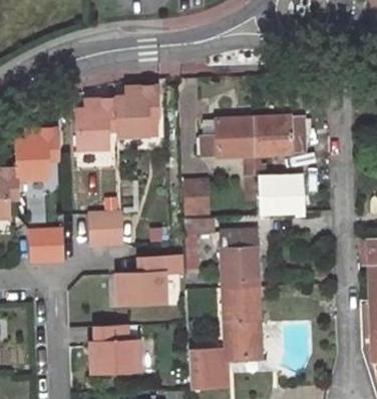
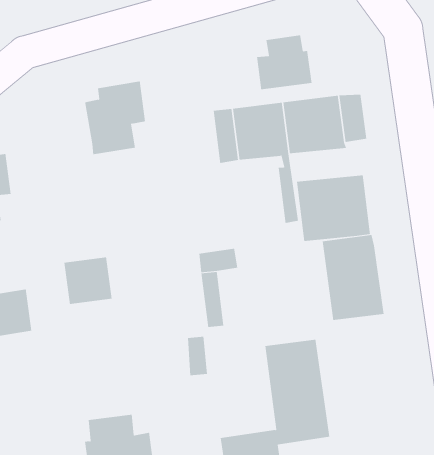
building: none -> [256,35,312,90]
building: [74,102,116,151] -> none
building: [182,176,208,211] -> none
building: [223,229,262,287] -> [322,235,384,321]
building: [115,256,183,304] -> none

